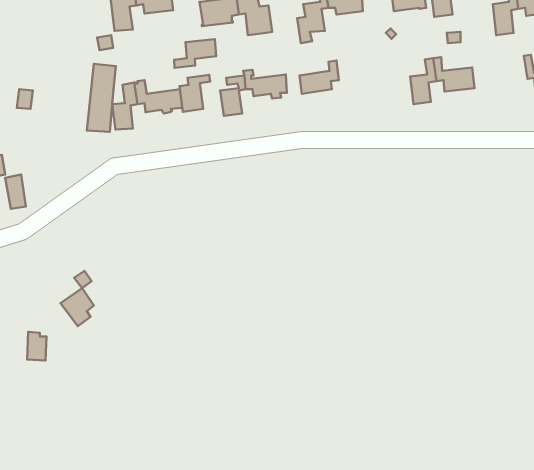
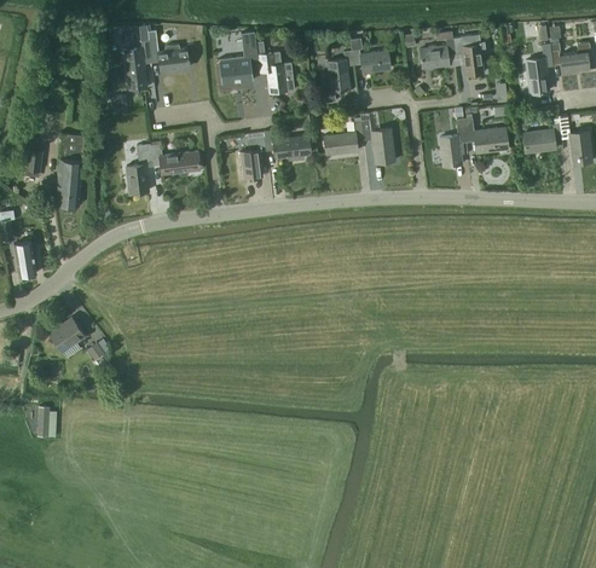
building: [174,39,216,68] -> none
building: none -> [522,115,562,152]
building: none -> [361,118,394,162]
building: [87,64,116,132] -> [54,133,85,204]
building: [180,75,210,112] -> none
building: [60,288,94,326] -> [48,317,83,357]

